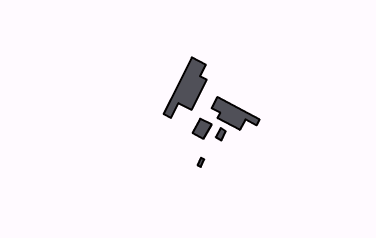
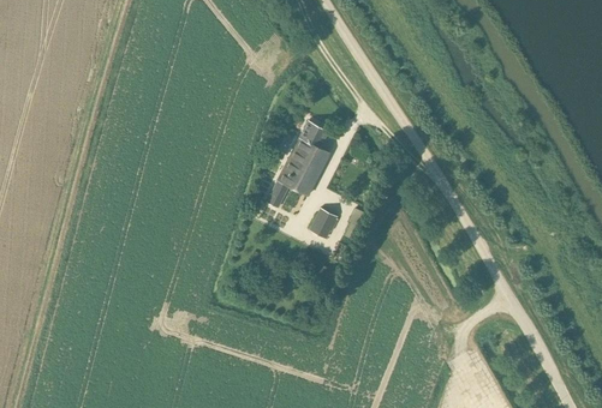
building: [212,97,259,130] -> none

